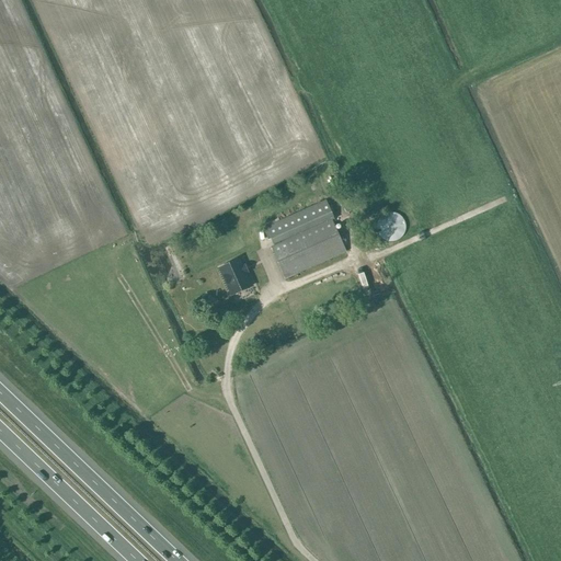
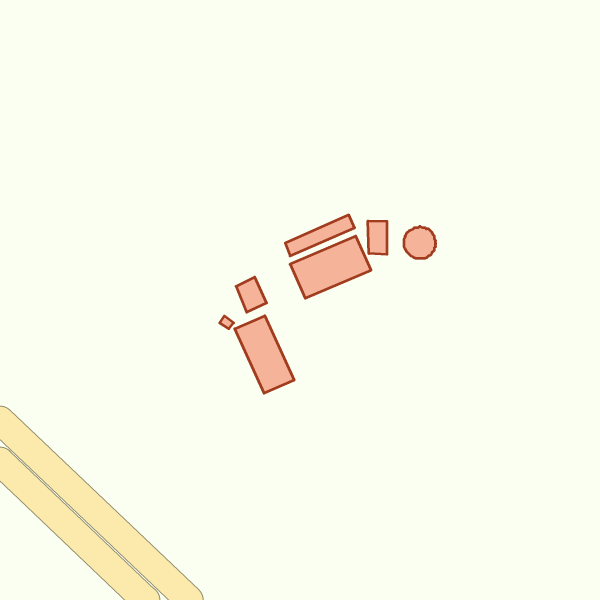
building: none -> [368,221,387,254]
building: none -> [235,316,294,393]

